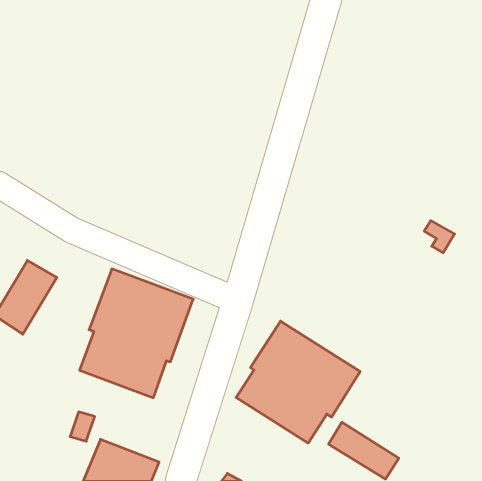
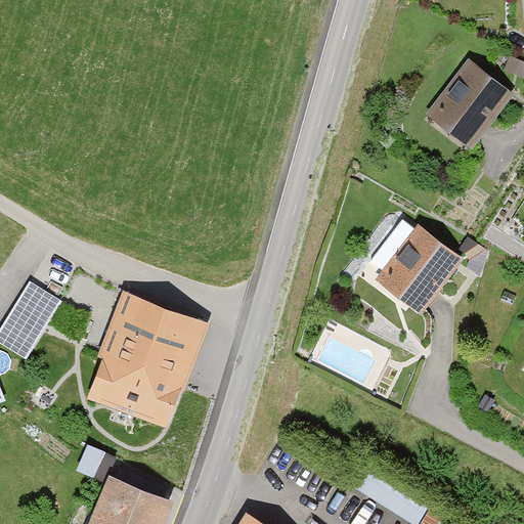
building: none -> [425,58,514,149]
building: none -> [376,227,461,313]
building: [236,321,360,443] -> none

